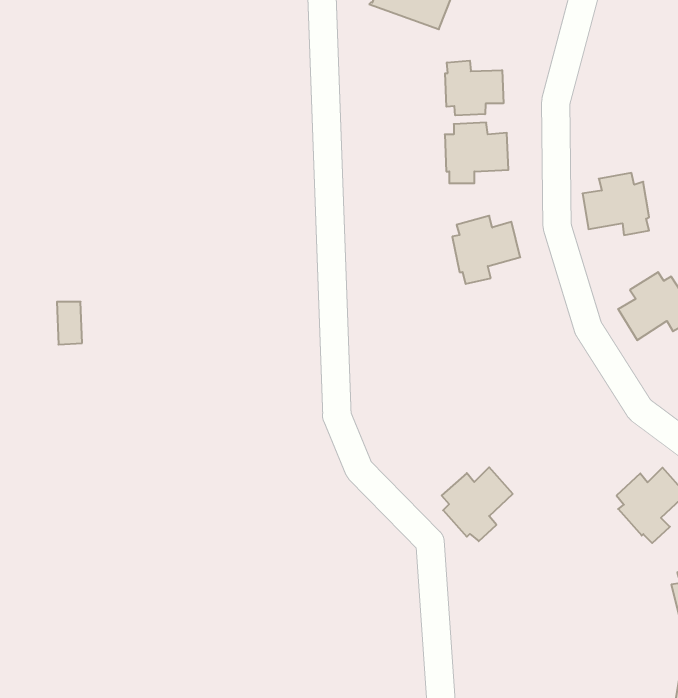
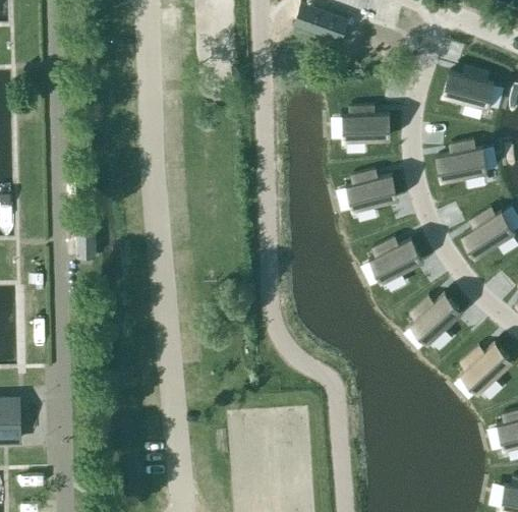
building: [445,61,503,115] -> none
building: none -> [443,67,491,114]
building: none -> [371,238,421,286]
building: [442,467,513,541] -> [411,293,460,344]

